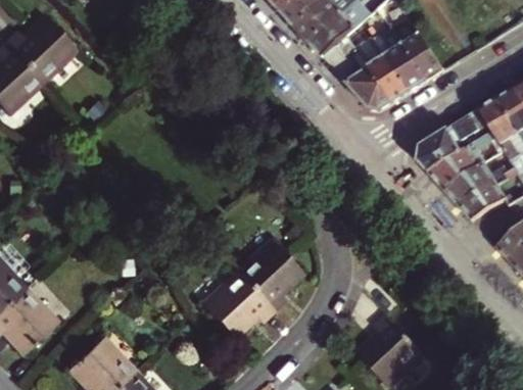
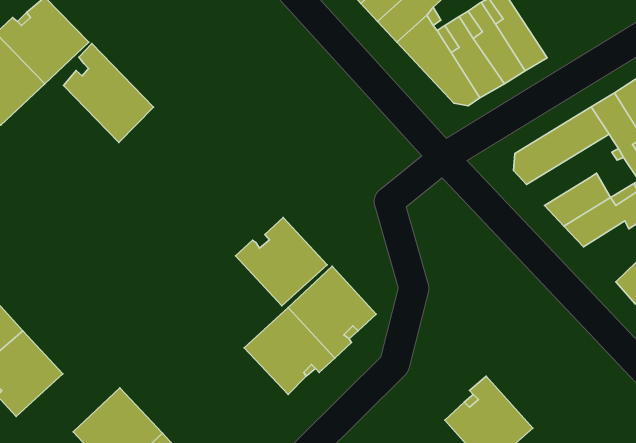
building: none -> [64,44,153,142]
building: [426,132,494,188] -> none
building: none -> [235,217,327,306]

